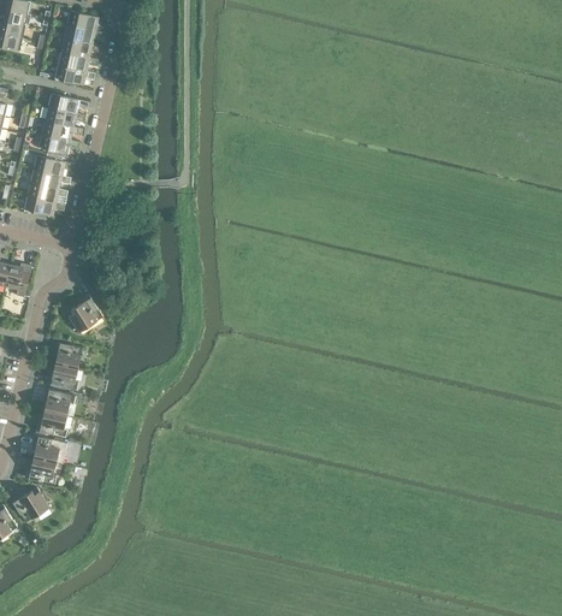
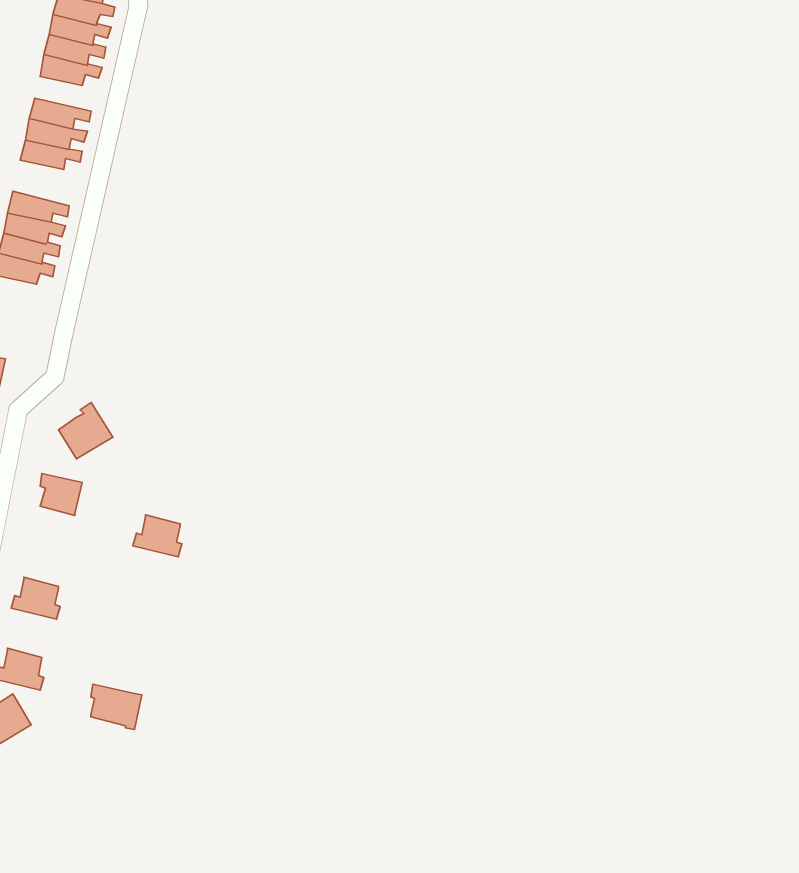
building: [36,134,77,156] -> none
building: [45,362,77,390] -> [133,515,182,557]
building: [42,387,75,416] -> none
building: [31,434,65,464] -> [91,684,142,730]

